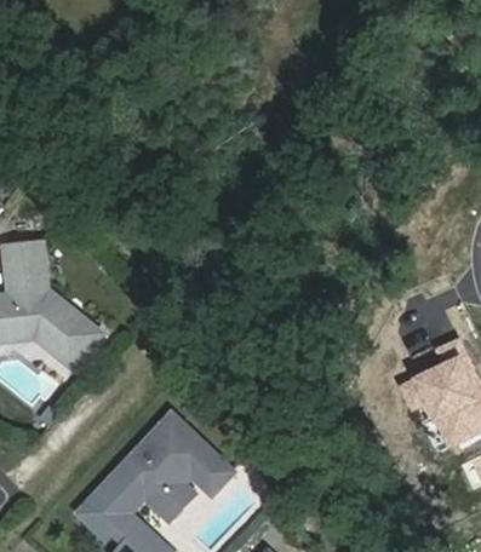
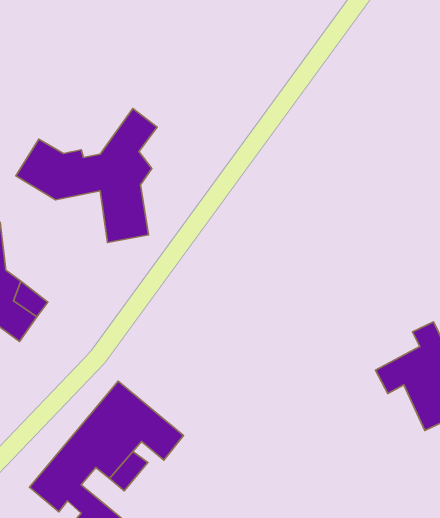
building: none -> [16,109,157,243]

